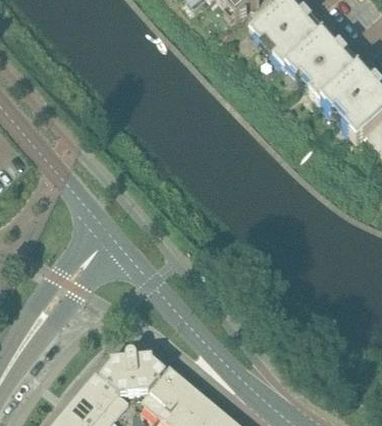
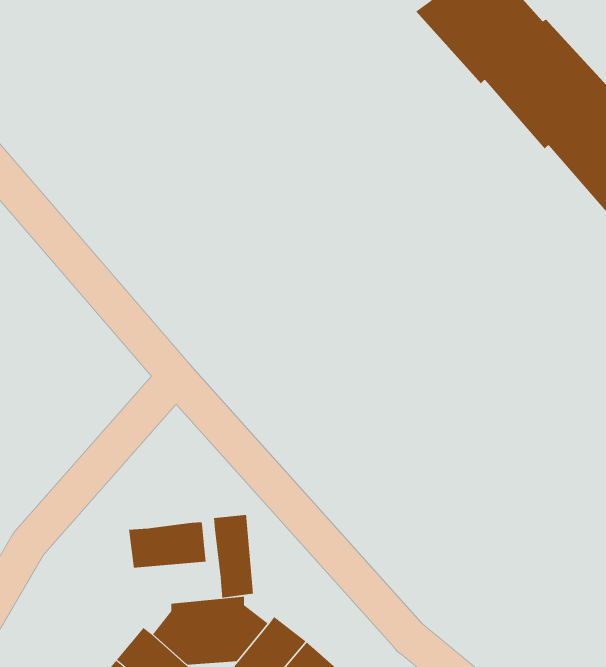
building: none -> [213,514,254,598]
building: none -> [128,521,206,568]

